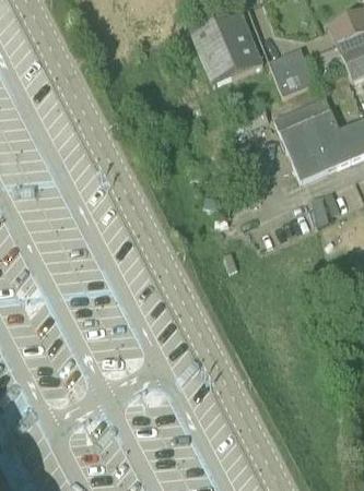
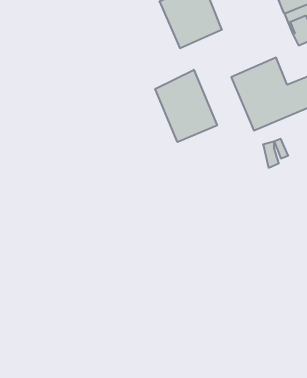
building: [269,47,316,95] -> none
building: none -> [155,70,217,142]

